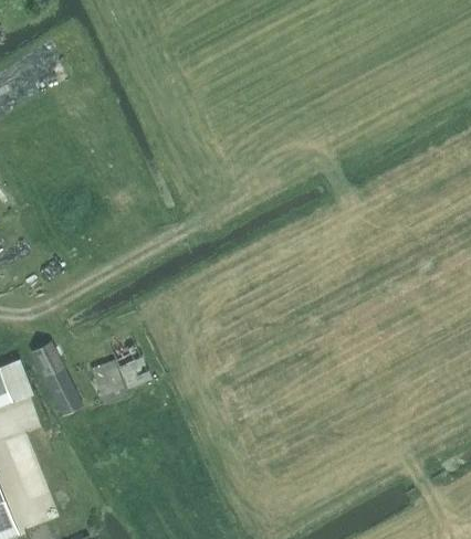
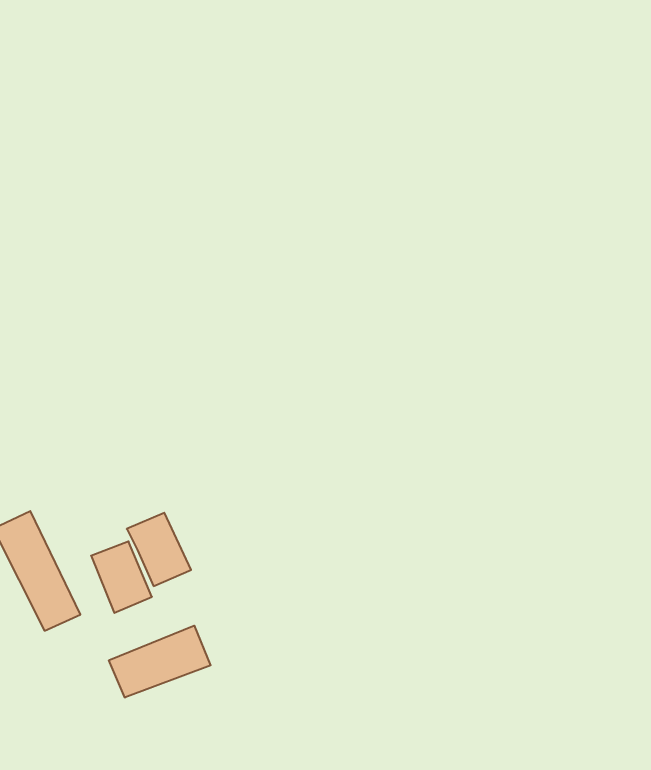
building: none -> [109,626,211,698]

